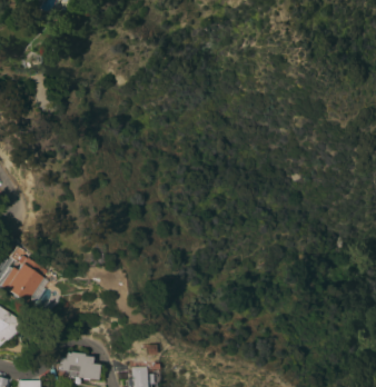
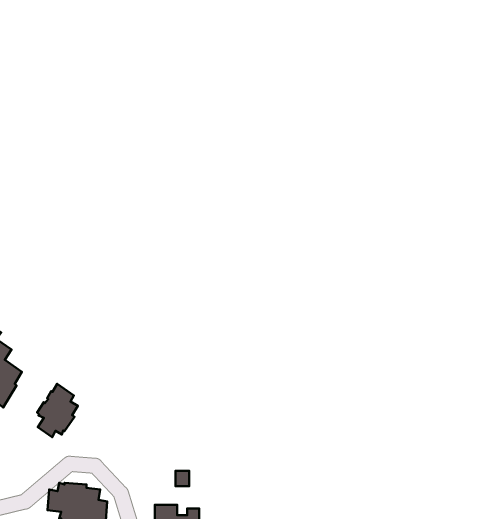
building: none -> [37,384,78,437]

